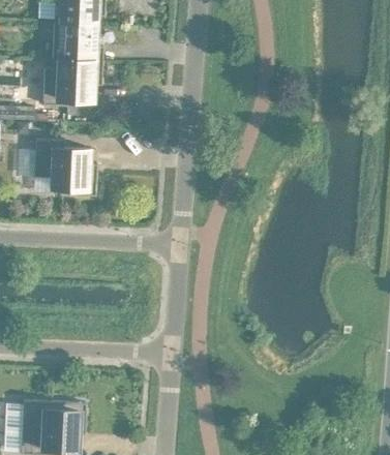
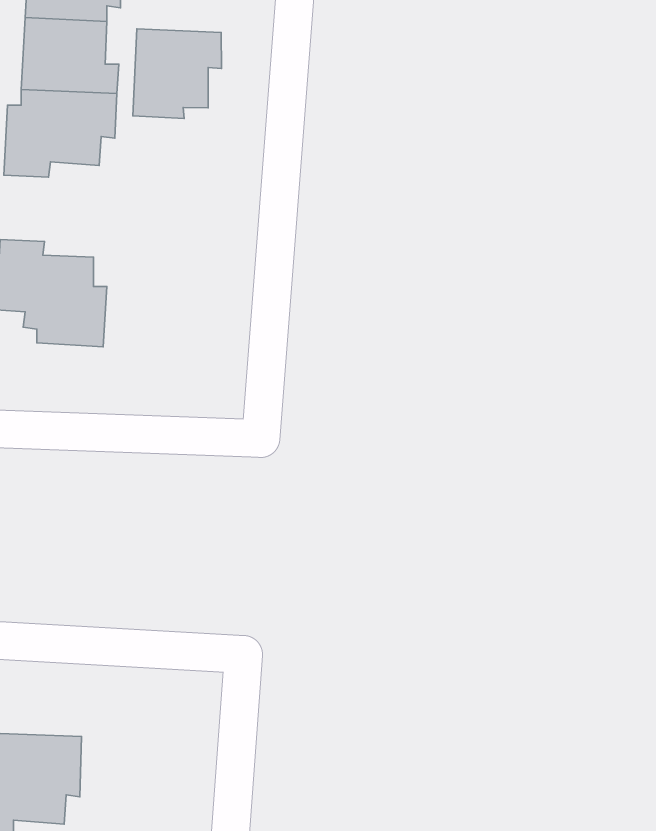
building: none -> [133,29,222,118]

